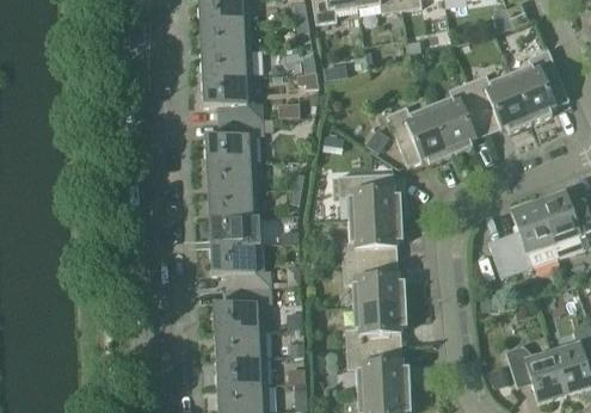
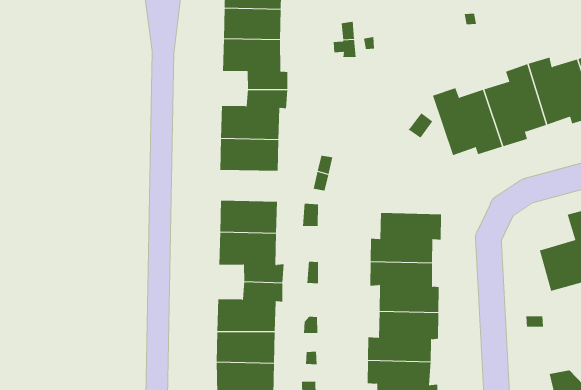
building: [338,173,402,220] -> none
building: [207,190,259,218] -> none

